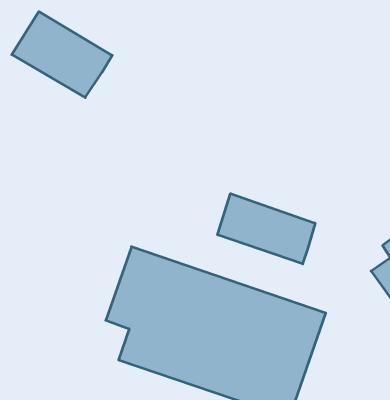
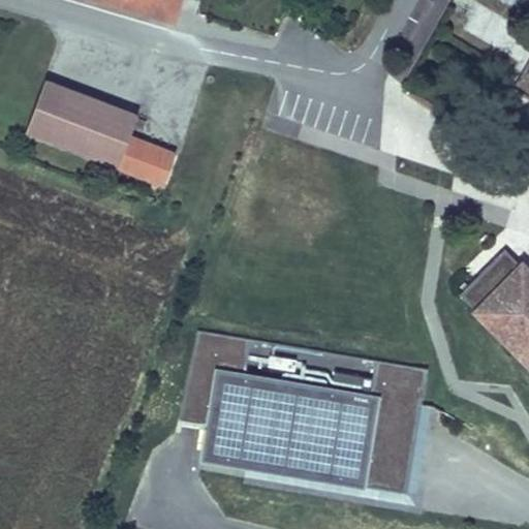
building: none -> [118,138,175,186]
building: [218,194,315,264] -> none

